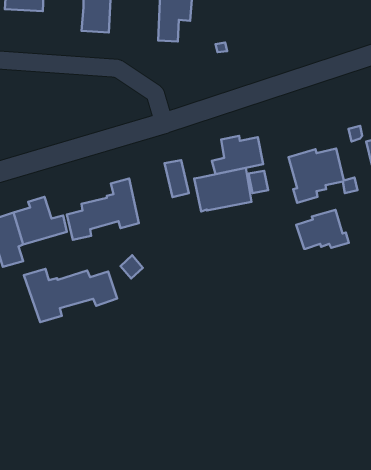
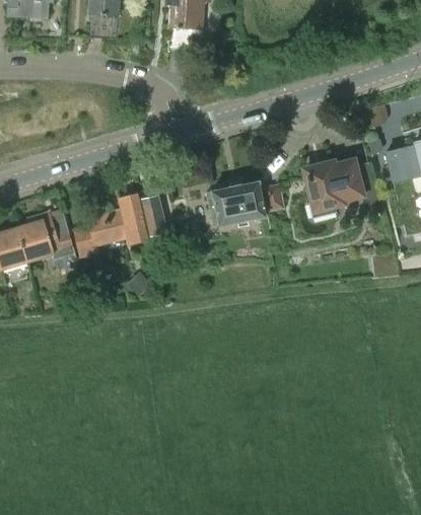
building: [212,136,263,174] -> none
building: [165,160,189,197] -> [141,196,166,234]
building: [296,210,349,249] -> none
building: [24,269,117,322] -> none

